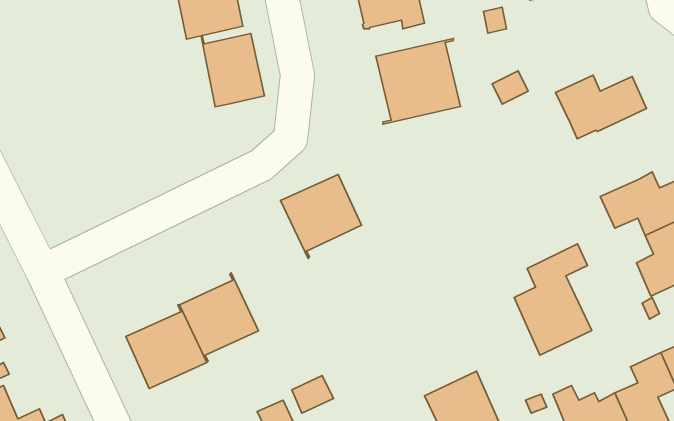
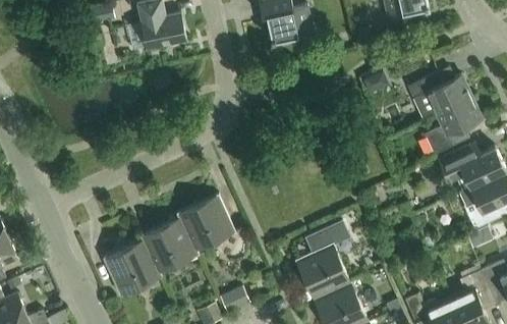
building: [201,34,264,107] -> none
building: [376,39,461,124] -> none
building: none -> [425,98,482,155]
building: [281,175,361,258] -> [178,196,235,255]
building: [514,244,592,355] -> [296,222,351,301]

